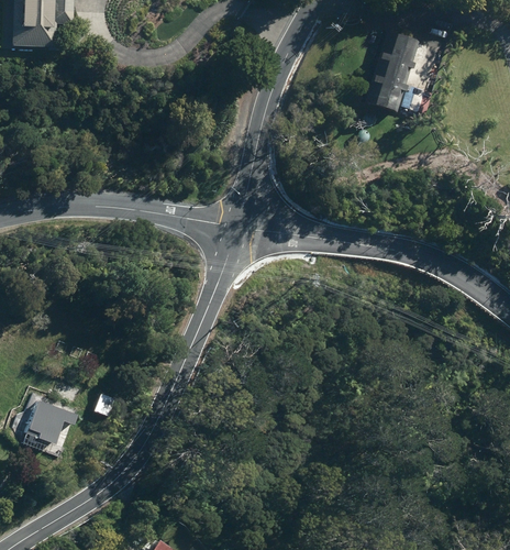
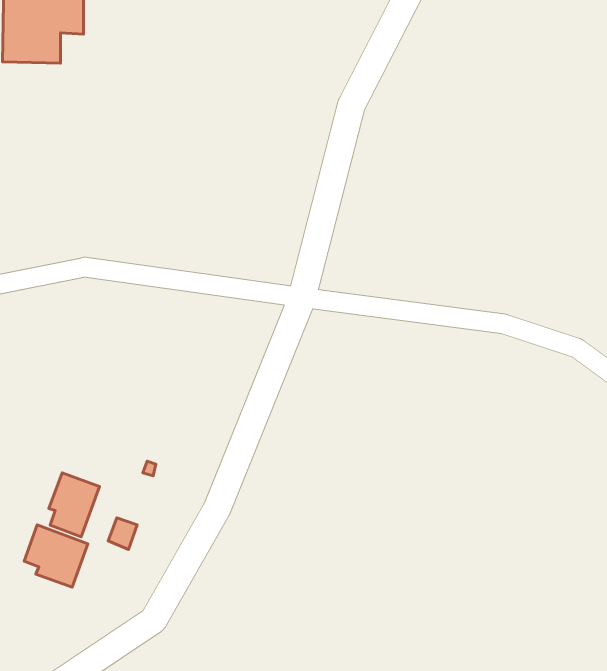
building: [365,30,419,110] -> none
building: none -> [49,473,99,537]

